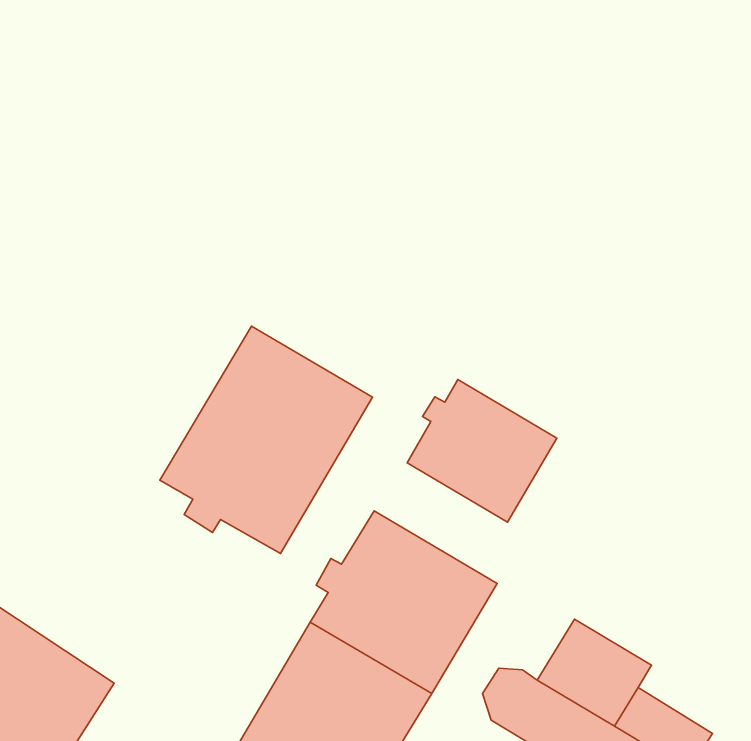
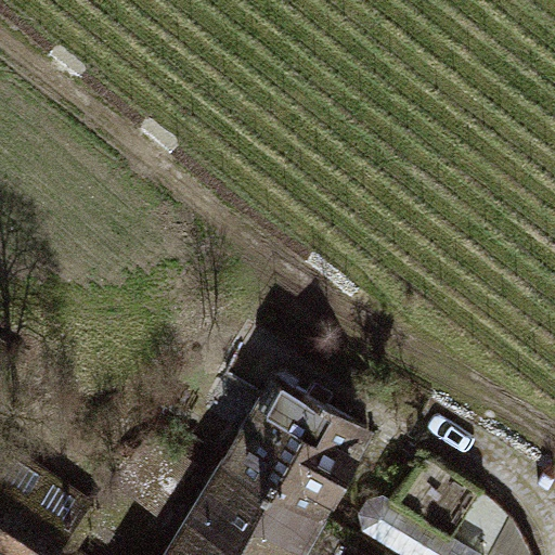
building: [160,326,373,554] -> none
building: [407,379,557,522] -> none

